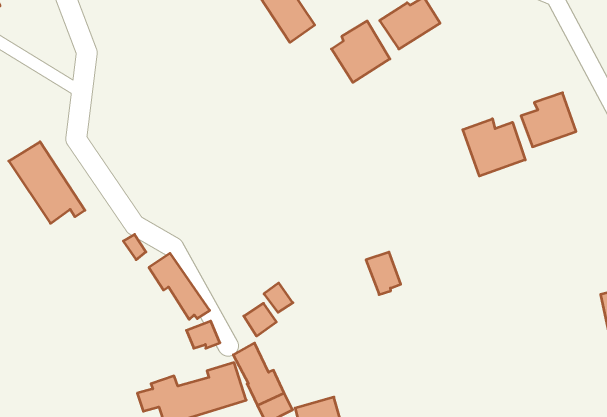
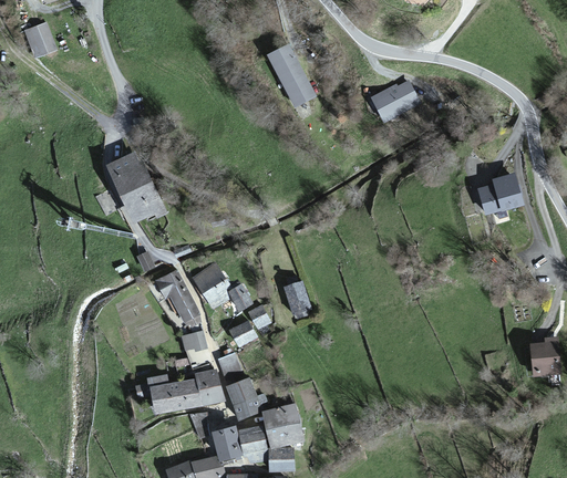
building: [331,21,390,82] -> none
building: [463,119,525,176] -> none
building: [9,142,85,223] -> [106,150,165,219]
building: none -> [190,262,252,311]
building: [366,252,401,295] -> [284,281,310,315]

